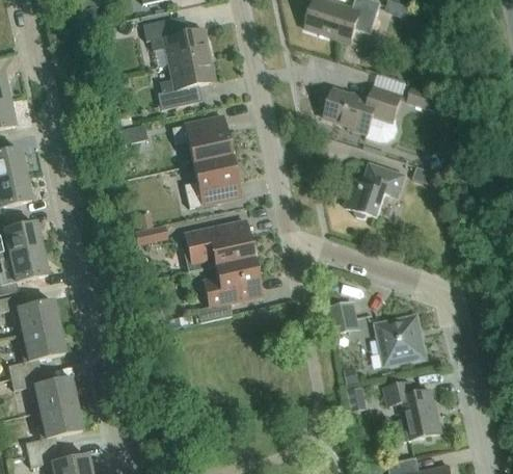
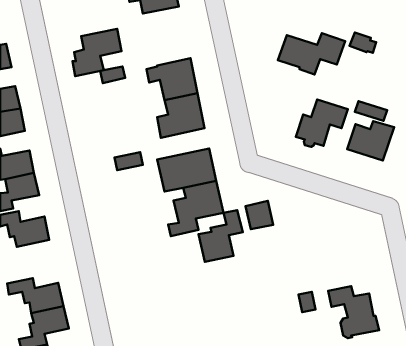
building: [158,55,215,110] -> [72,29,122,76]
building: none -> [347,121,394,160]
building: none -> [199,210,243,262]
building: [329,300,361,334] -> [245,201,273,229]
building: [376,315,426,364] -> none
building: [7,326,65,377] -> none

